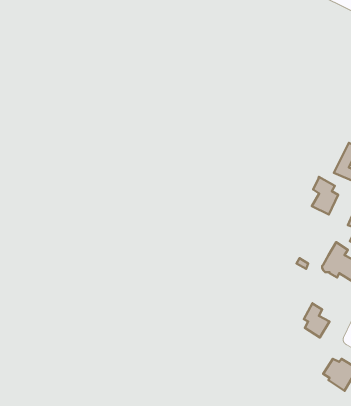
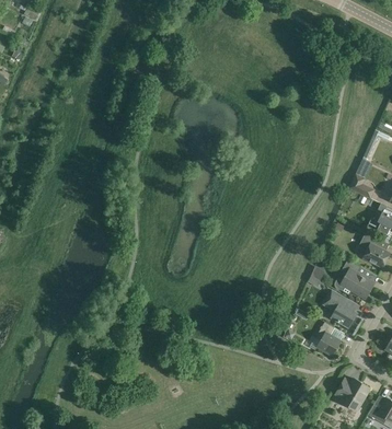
building: [312,177,338,215] -> none
building: none -> [322,290,357,328]

